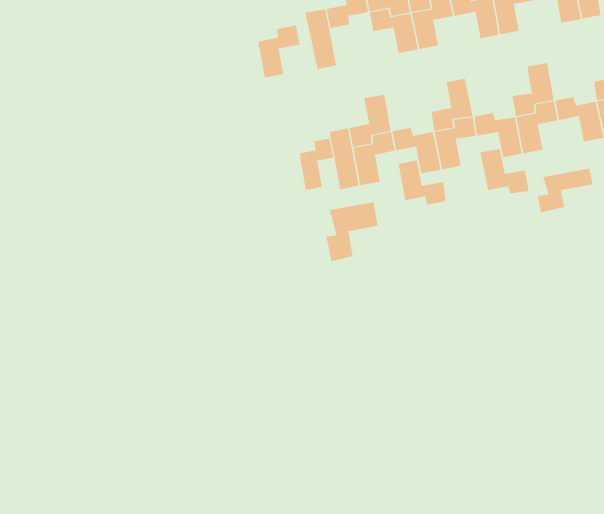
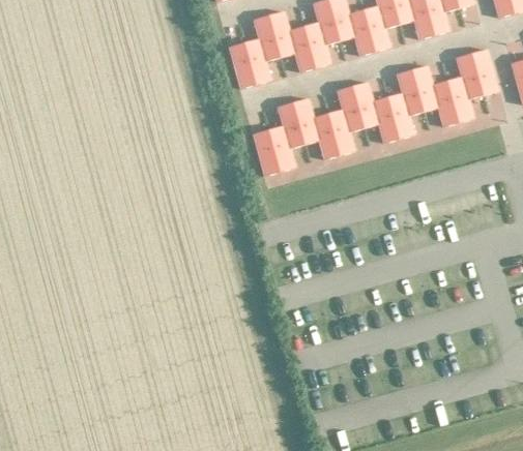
building: [257,25,300,78] -> [249,42,281,84]
building: none -> [412,65,451,99]
building: [299,138,334,191] -> none
building: [479,148,529,194] -> [352,82,391,115]
building: [398,160,446,205] -> [293,98,331,131]
building: [537,168,593,213] -> none
building: [326,202,378,262] -> none

